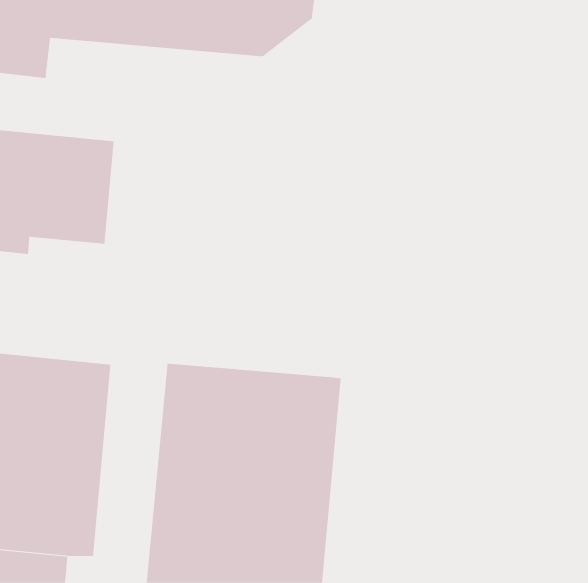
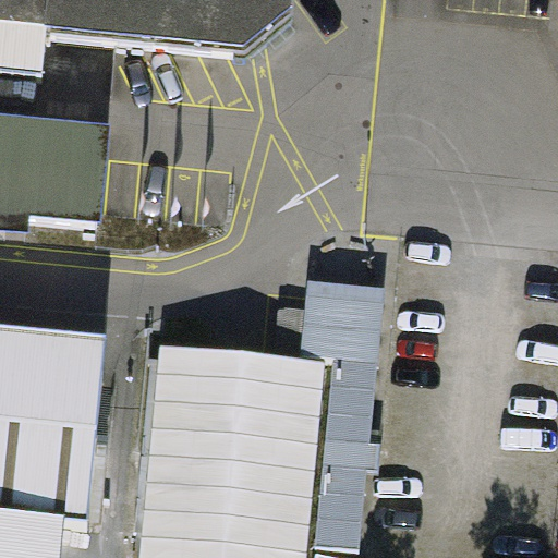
building: none -> [300,276,384,544]

